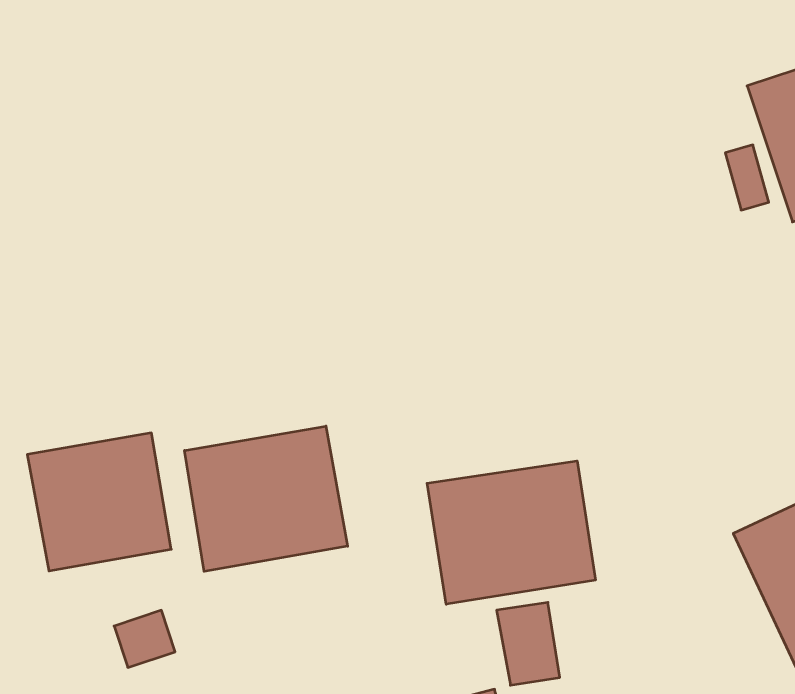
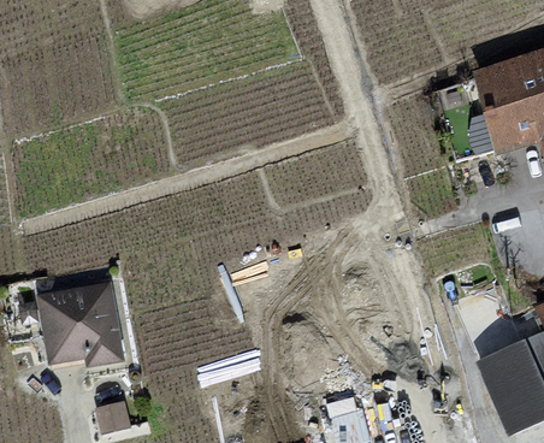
building: [185,426,348,571] -> none
building: [427,461,595,604] -> none

